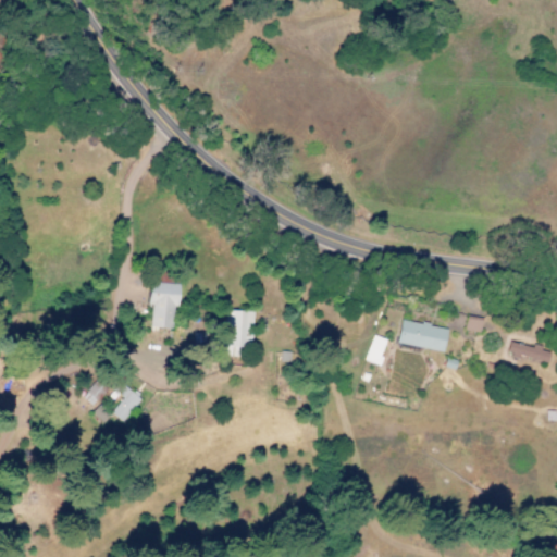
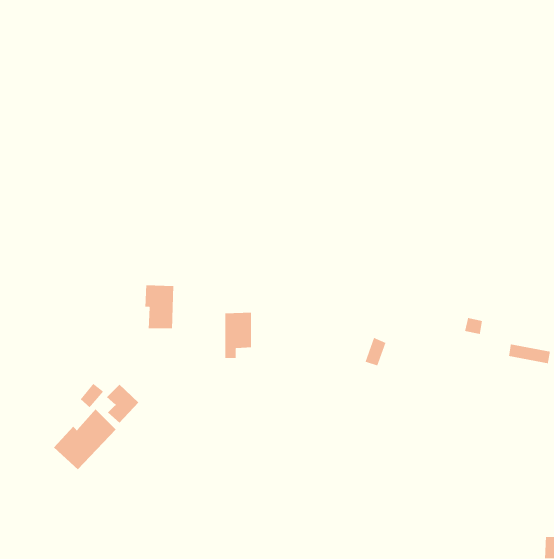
building: [399,320,450,352] -> none
building: none -> [53,409,117,470]

